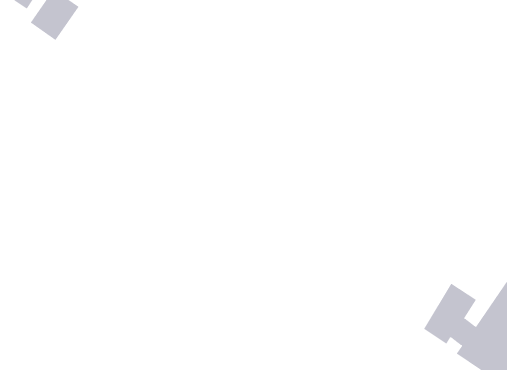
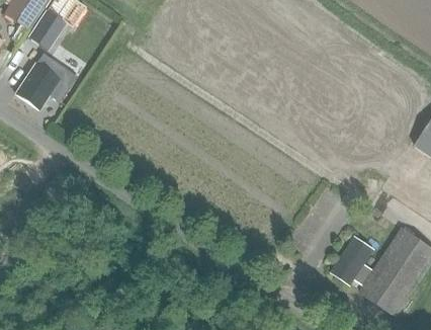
building: none -> [18,52,62,105]

